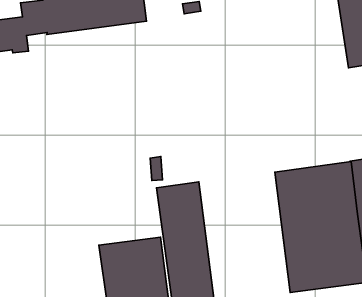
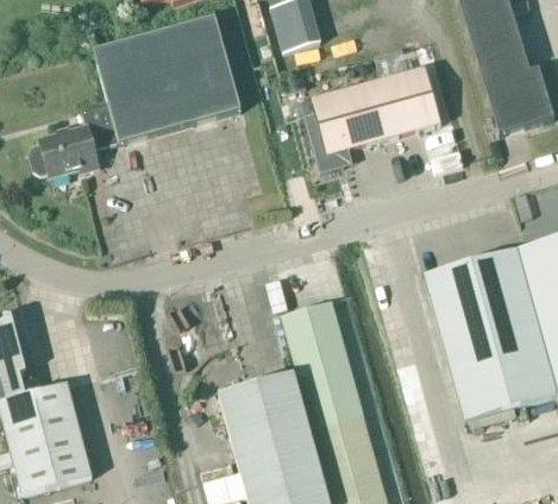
building: none -> [305,67,441,172]

